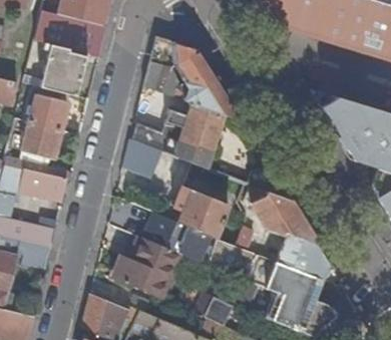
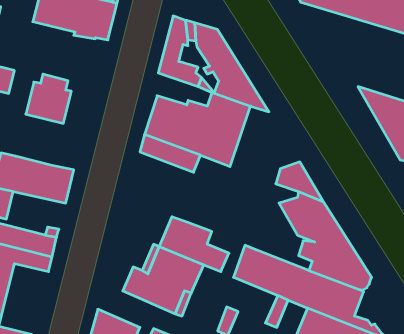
building: [23,44,88,96] -> none
building: [18,122,59,167] -> none
building: [169,179,254,242] -> none

